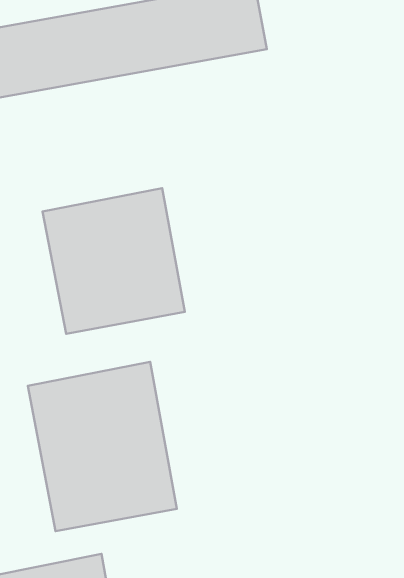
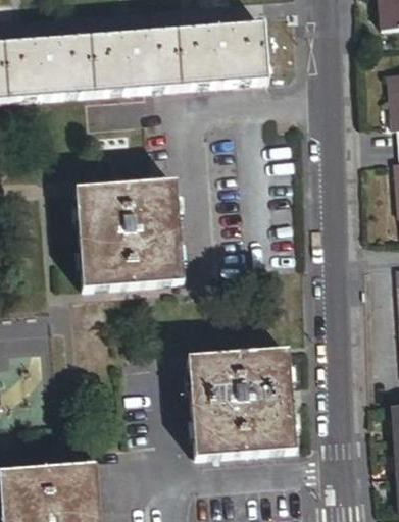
building: [28,362,177,531] -> none
building: none -> [188,349,292,454]

